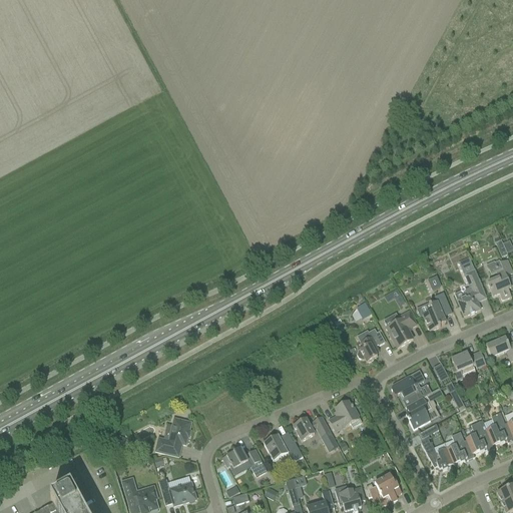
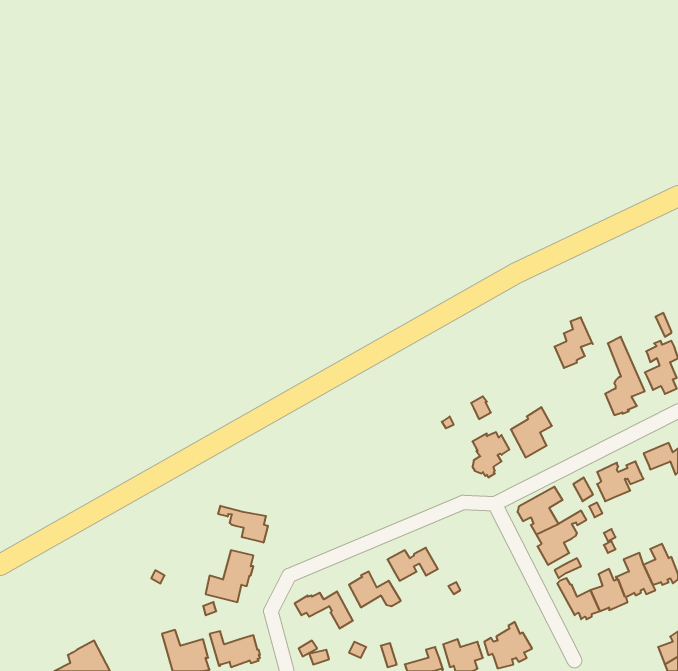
building: [423,291,452,329] -> [554,317,593,368]
building: none -> [218,506,268,543]
building: [329,399,360,430] -> none

